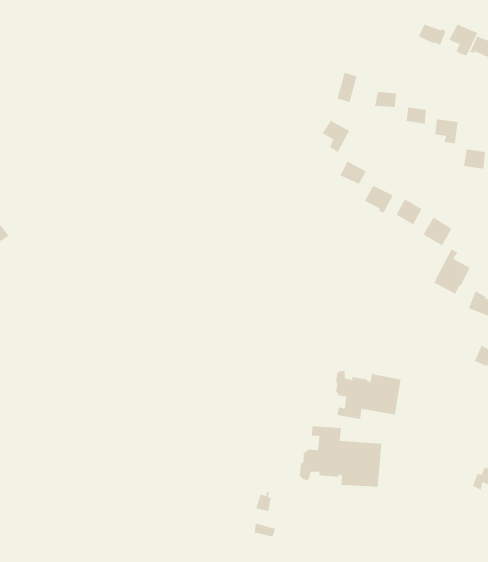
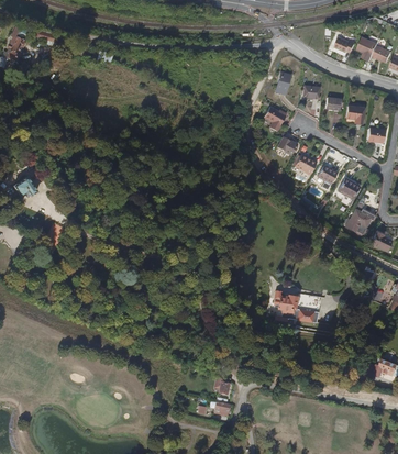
building: [299,426,382,487] -> none

